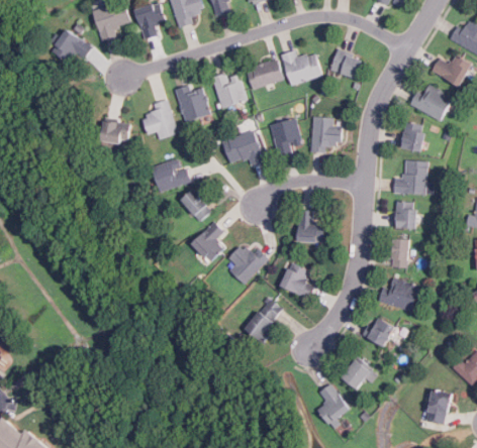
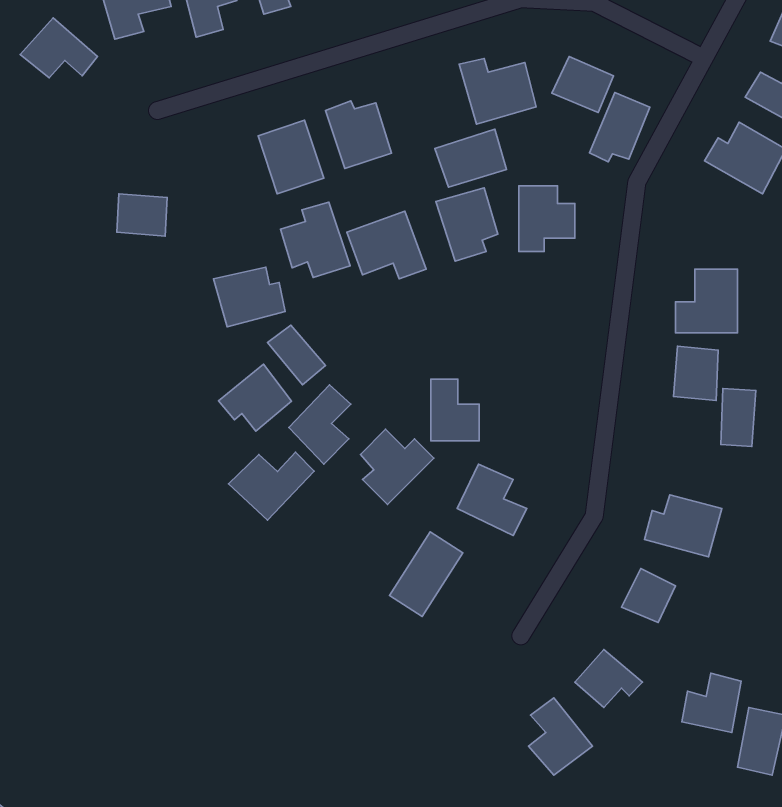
building: [246,59,283,89] -> [435,129,506,187]
building: none -> [589,92,650,162]
building: [141,100,178,139] -> [280,202,350,277]
building: [400,121,424,151] -> none
building: [299,210,324,242] -> [431,379,479,441]
building: none -> [219,364,292,431]
building: [391,238,409,268] -> [721,389,756,446]
building: none -> [228,452,314,520]
building: none -> [682,673,741,732]

